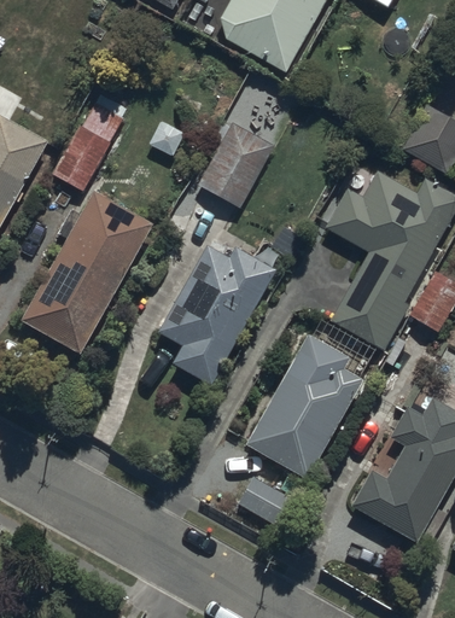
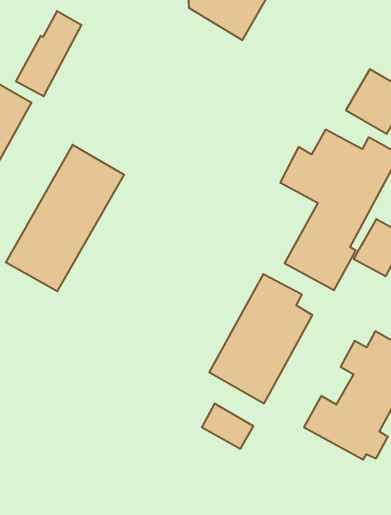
building: [52,97,126,192] -> [16,11,82,96]
building: [198,123,275,209] -> none
building: [157,244,275,385] -> none

